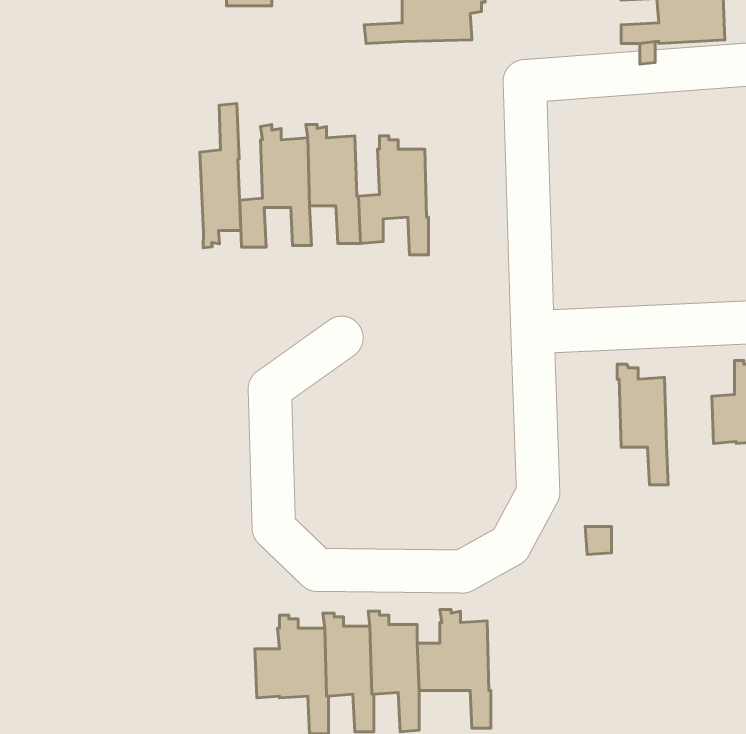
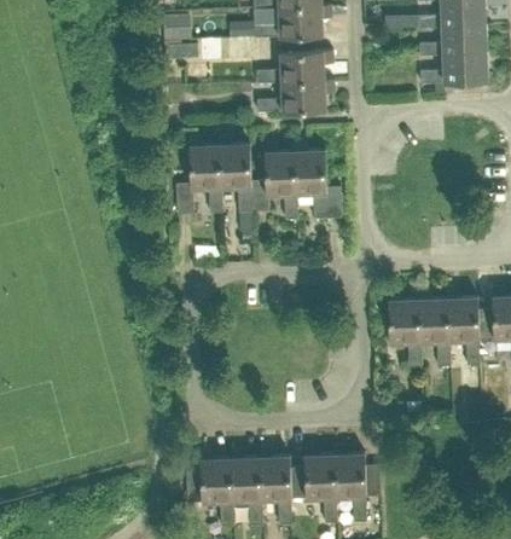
building: none -> [257,81,335,114]
building: [200,103,241,248] -> none
building: none -> [294,143,342,219]
building: none -> [447,289,480,366]
building: none -> [389,291,422,369]
building: none -> [333,446,381,522]

